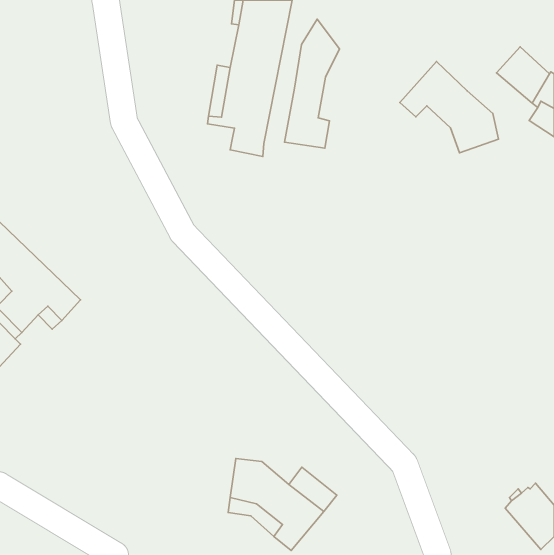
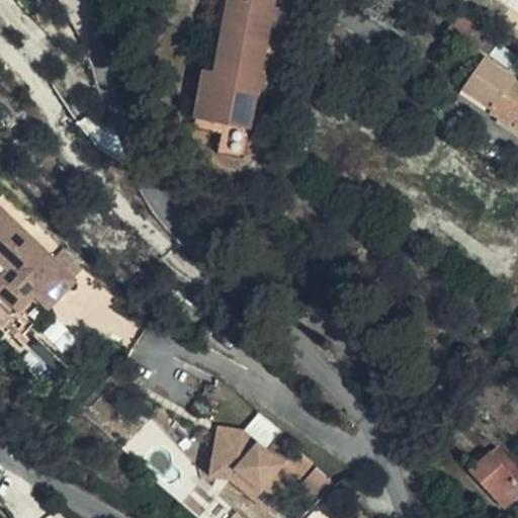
building: [285,19,339,148] -> none
building: [400,62,499,153] -> none

